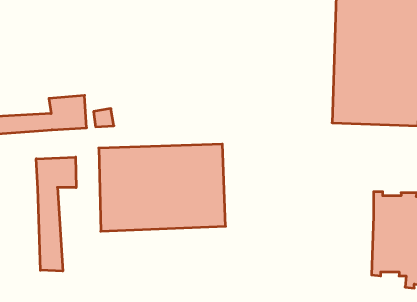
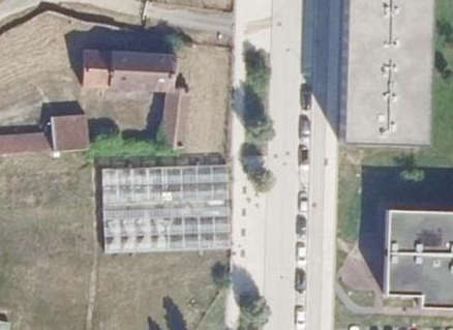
building: none -> [82,50,190,149]
building: [36,157,76,271] -> none

